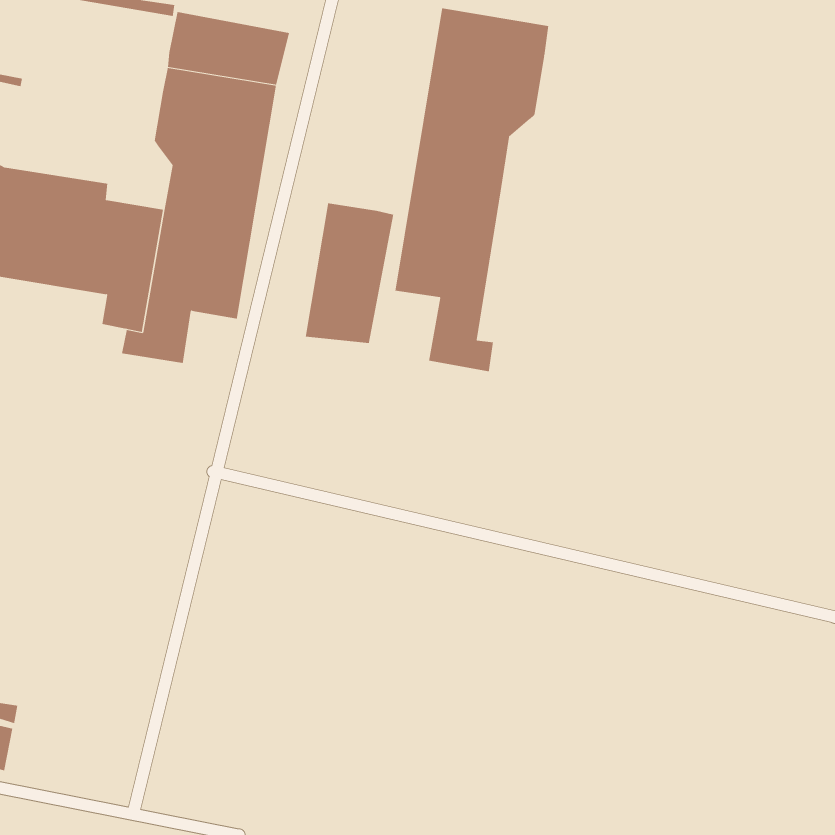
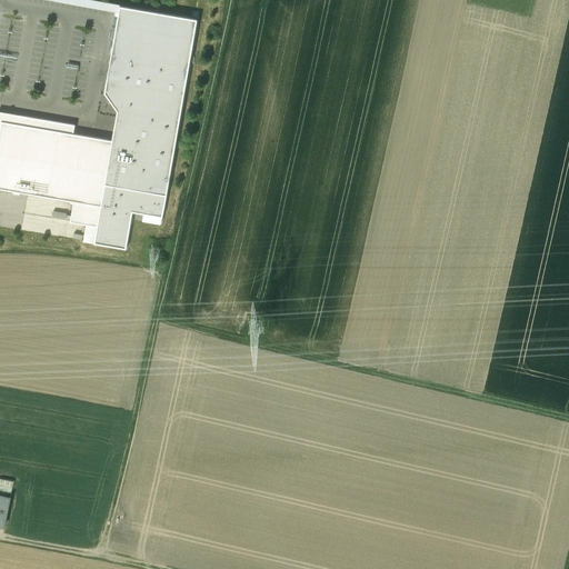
building: [395,7,549,372] -> none
building: [305,203,394,344] -> none

